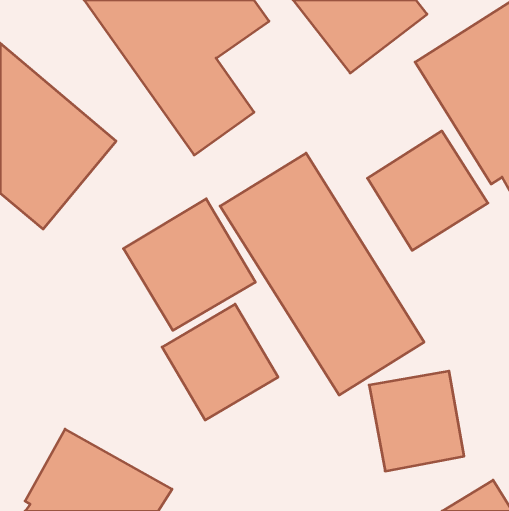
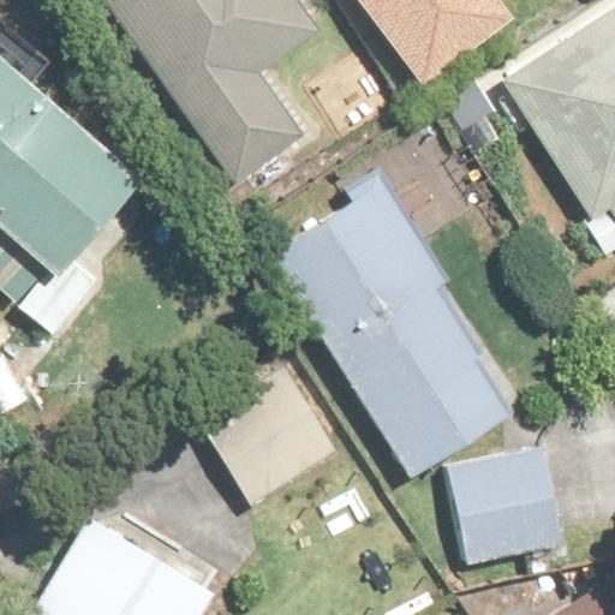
building: [367,131,488,250] -> none
building: [123,199,255,330] -> none

